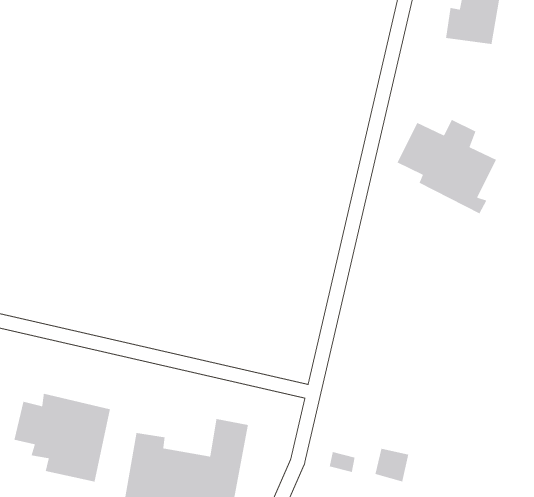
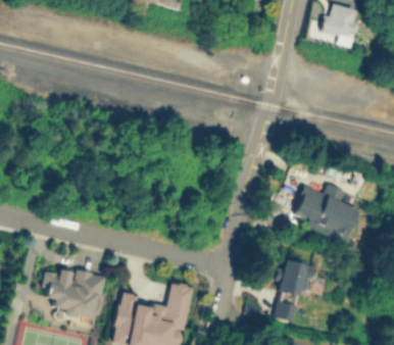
building: [397,119,497,214] -> [293,183,358,245]
building: none -> [276,257,314,297]

